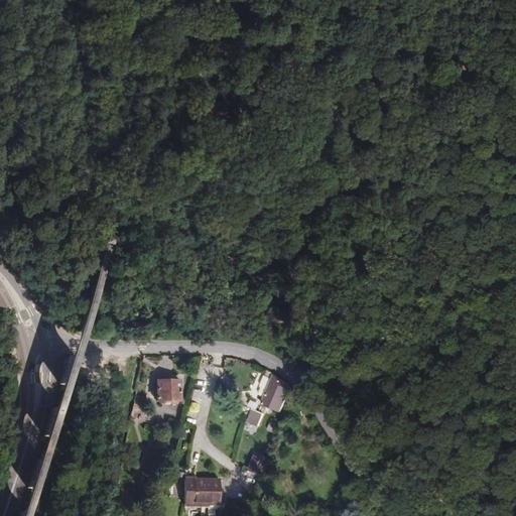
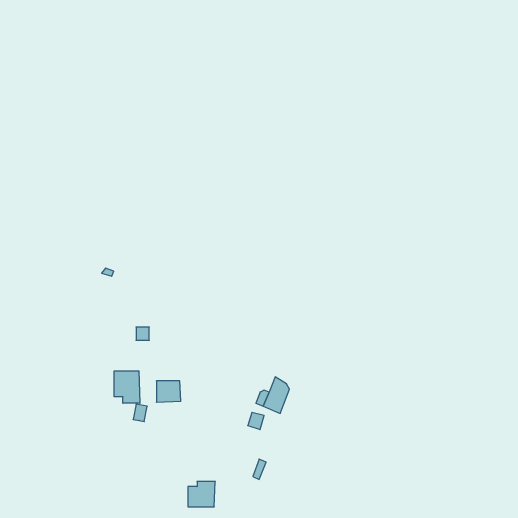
building: none -> [114,371,140,403]

